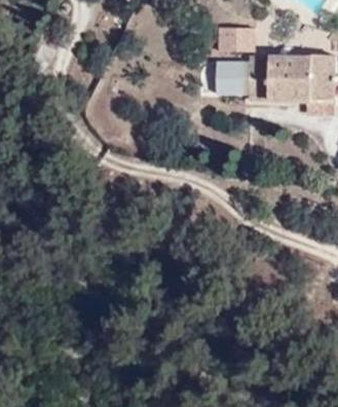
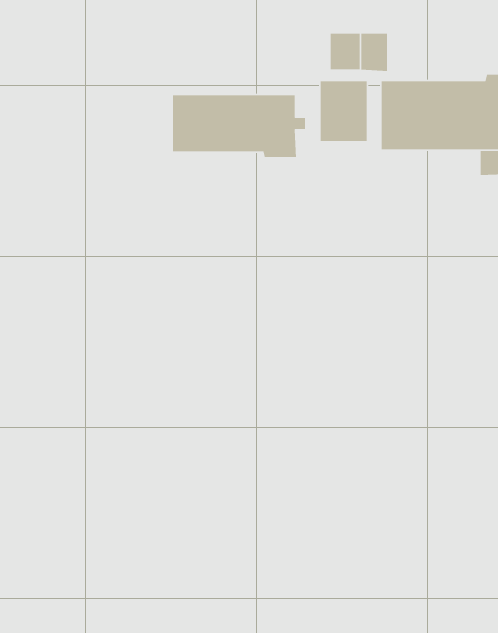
building: none -> [172,95,306,158]

